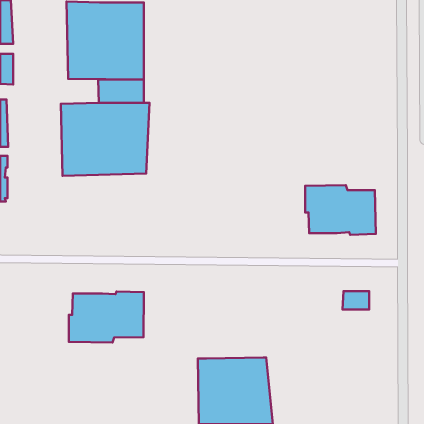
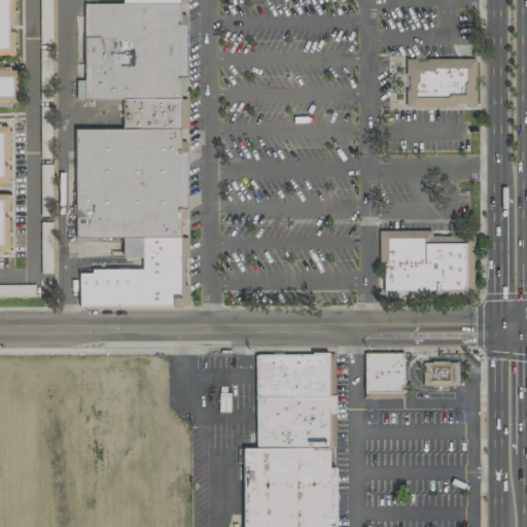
building: none -> [407,58,476,105]
building: none -> [77,215,182,306]
building: none -> [253,352,336,445]
building: none -> [367,356,407,395]
building: [69,292,144,342] -> none

